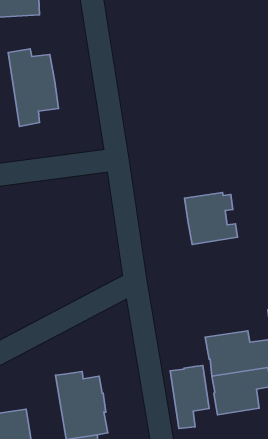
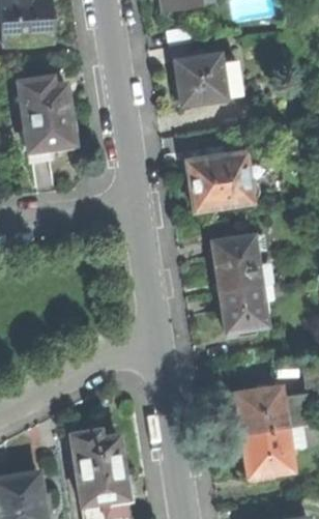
building: none -> [175,52,242,106]
building: none -> [187,149,260,211]
building: none -> [220,283,271,331]
building: [170,366,209,428] -> none

